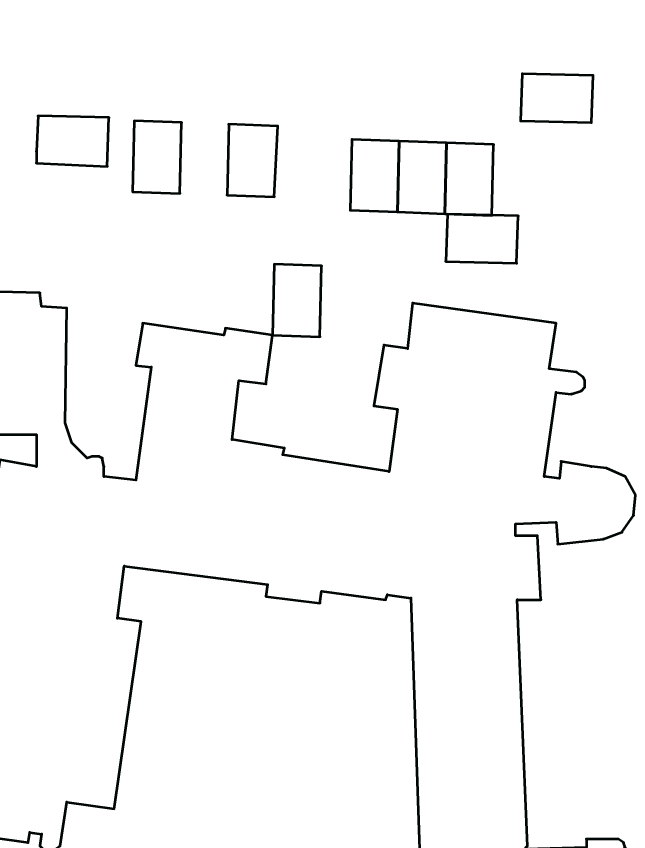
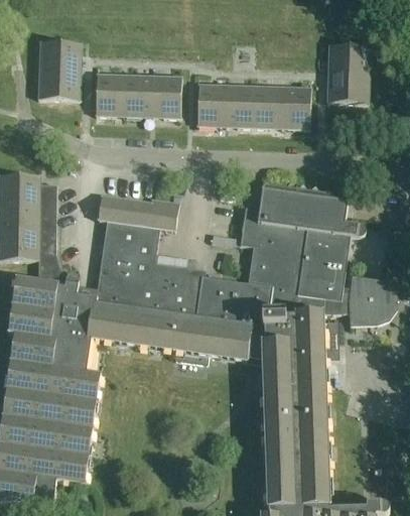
building: none -> [38,42,82,72]
building: none -> [123,75,152,118]
building: [446,214,518,263] -> [325,74,369,103]
building: [273,264,322,337] -> [196,84,226,127]

